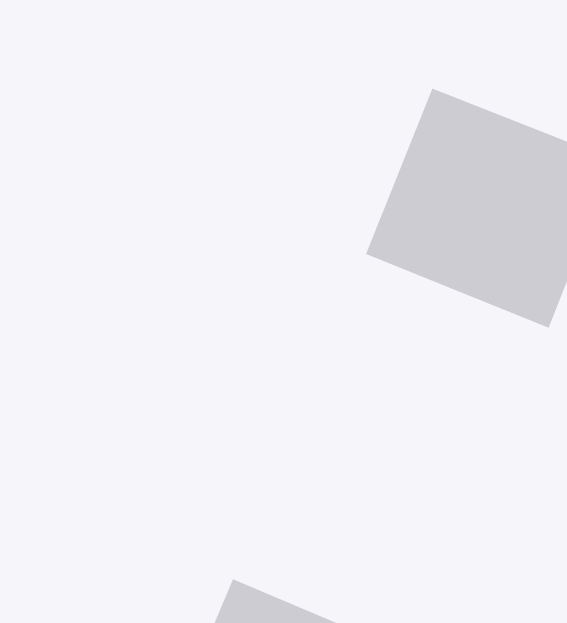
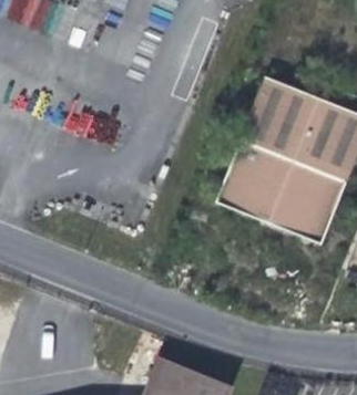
building: none -> [216,170,334,245]

